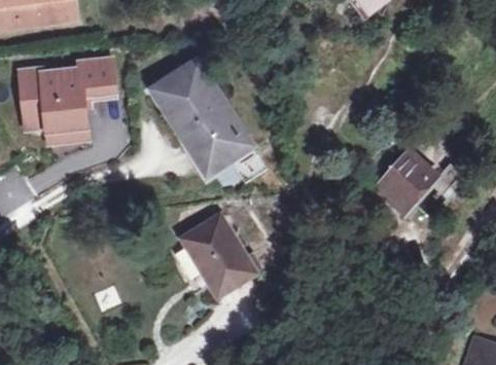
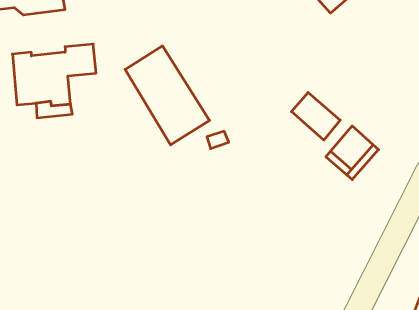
building: none -> [291,92,340,140]
building: [175,216,248,292] -> none

